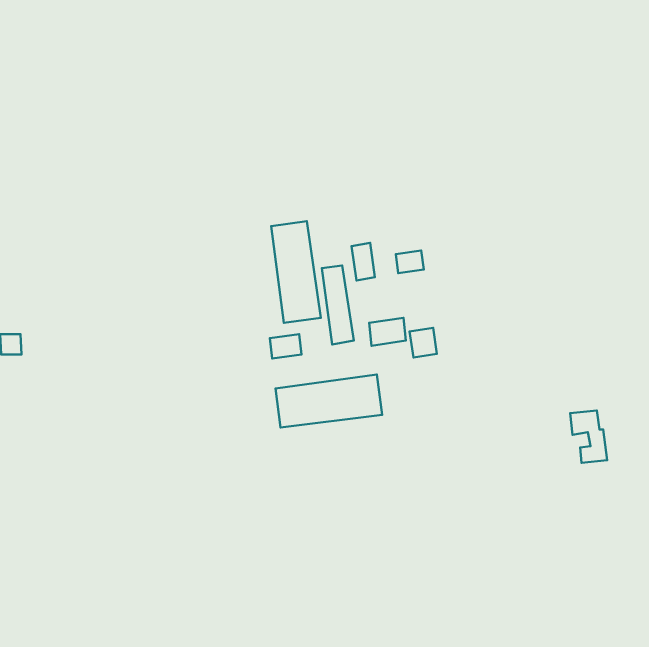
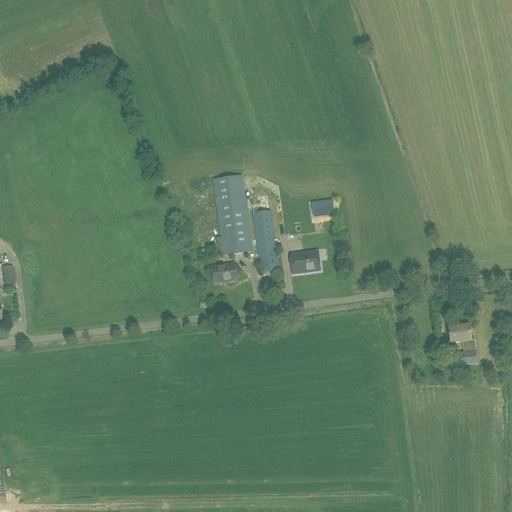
building: [352,243,375,281] -> none
building: [410,328,437,358] -> none
building: [275,374,382,428] -> none

